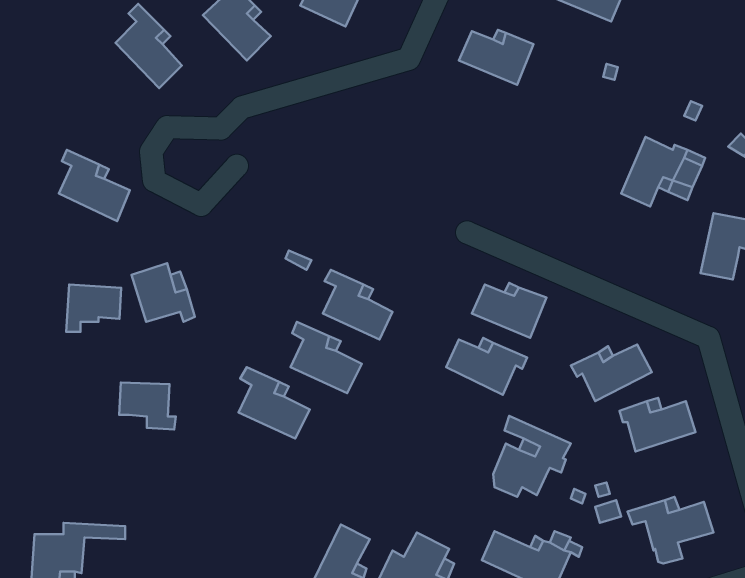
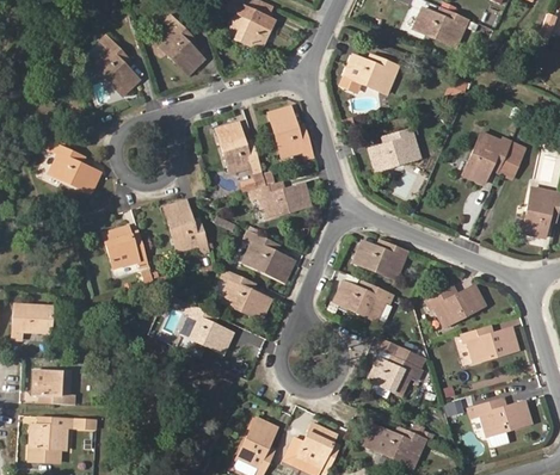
building: none -> [267,106,313,159]
building: none -> [215,123,264,183]
building: none -> [368,128,419,172]
building: none -> [248,183,309,218]
building: none -> [162,201,209,253]
building: [66,285,121,332] -> [11,304,51,339]
building: [119,383,176,430] -> [32,371,74,406]

